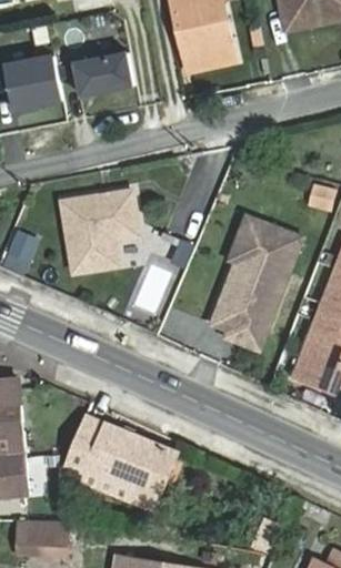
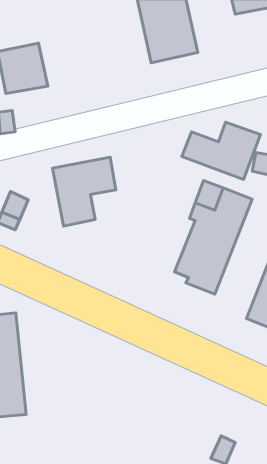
building: [68,50,129,98] -> none
building: none -> [182,122,260,180]
building: [63,417,174,507] -> none
building: [18,520,67,547] -> none

